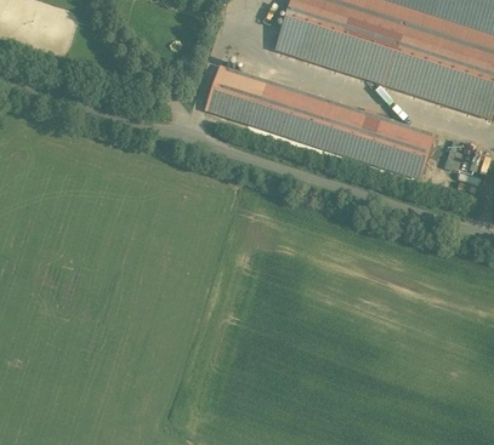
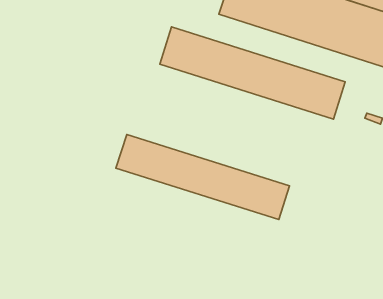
building: none -> [116,134,290,220]

